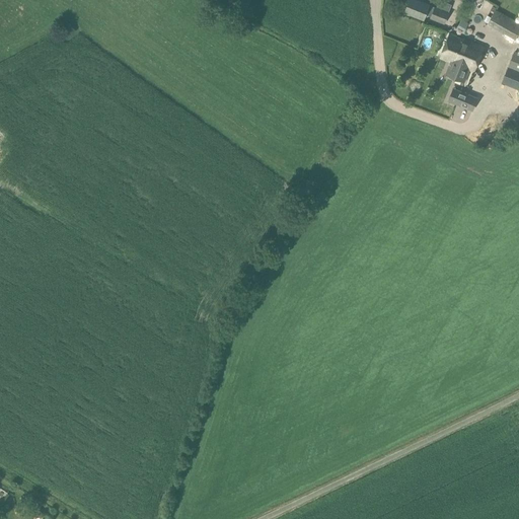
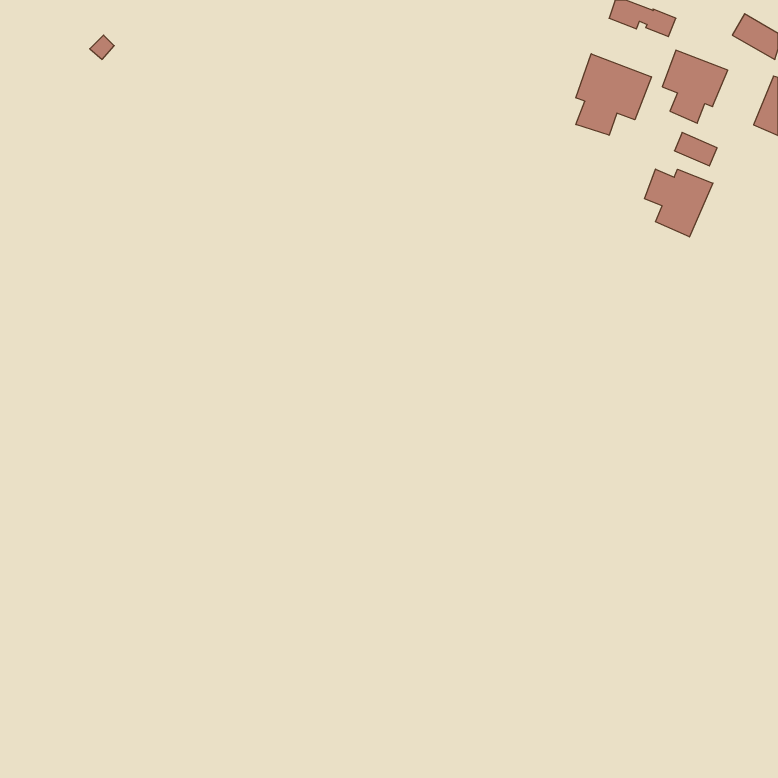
building: none -> [576,54,651,135]
building: none -> [644,169,713,237]

